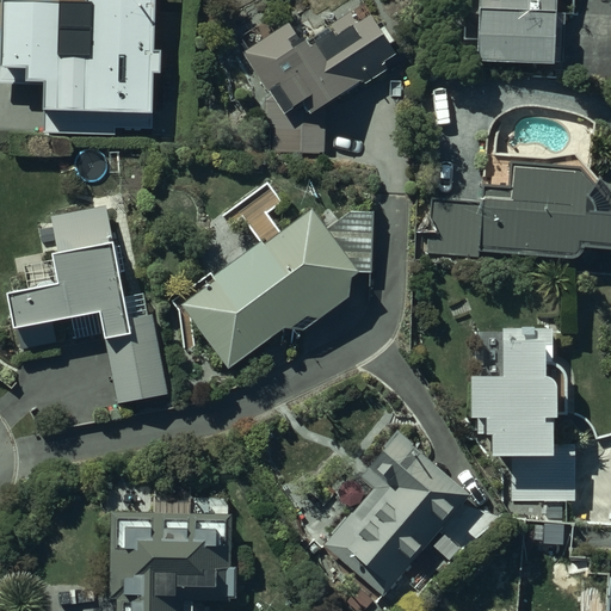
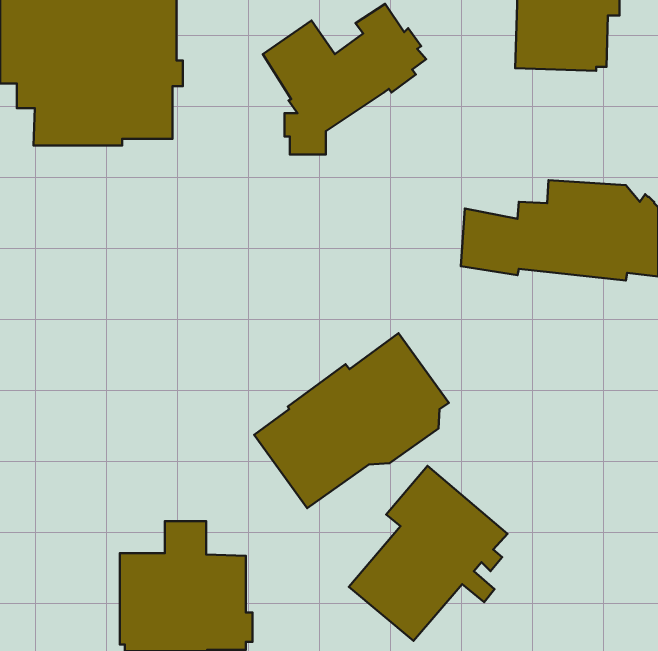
building: [179,203,359,365] -> [254,333,449,508]
building: [7,205,169,403] -> none
building: [470,328,573,500] -> none

